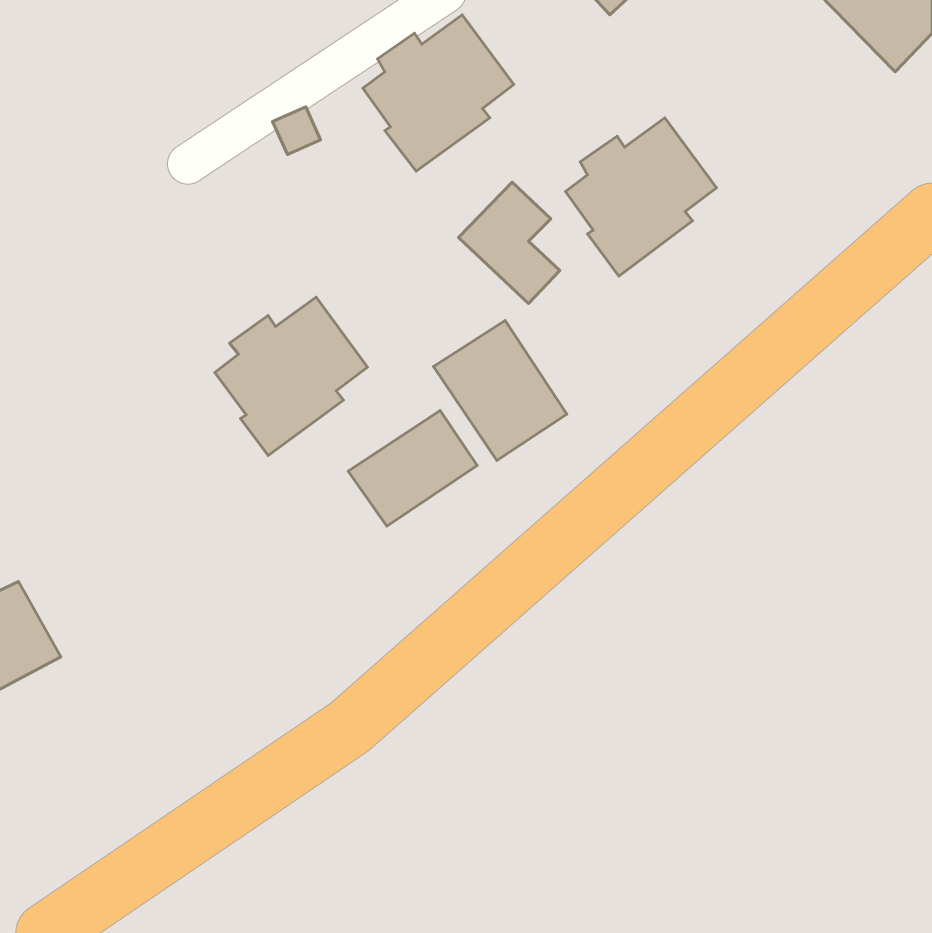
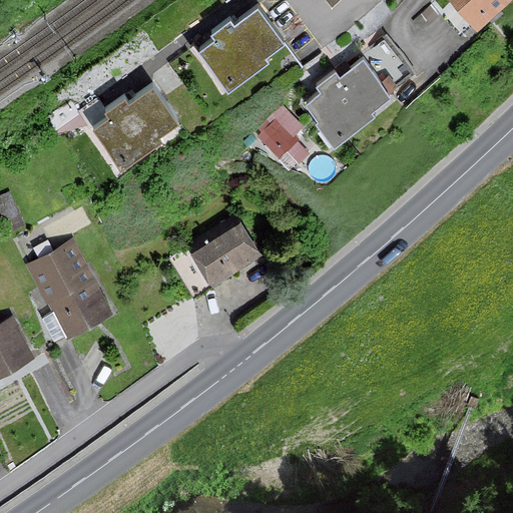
building: [215,297,368,455] -> [94,85,177,171]
building: [433,321,567,461] -> none
building: none -> [25,238,111,336]

